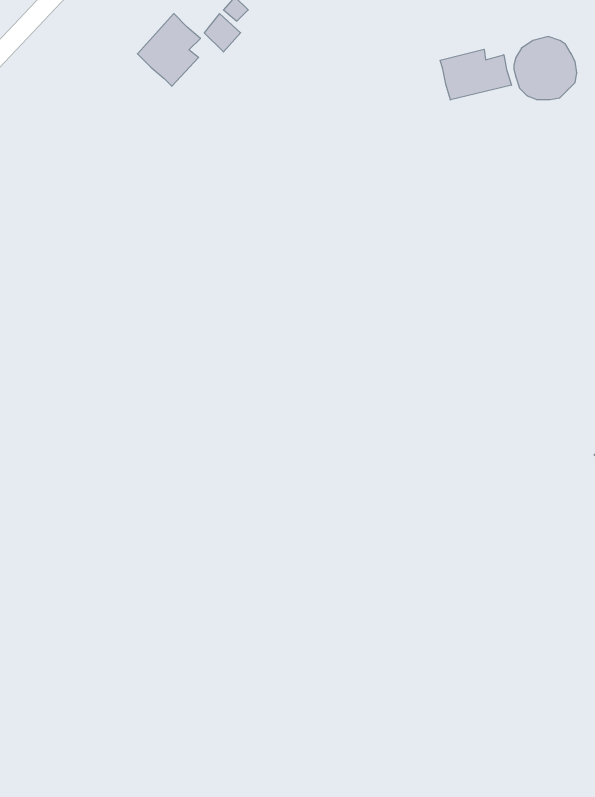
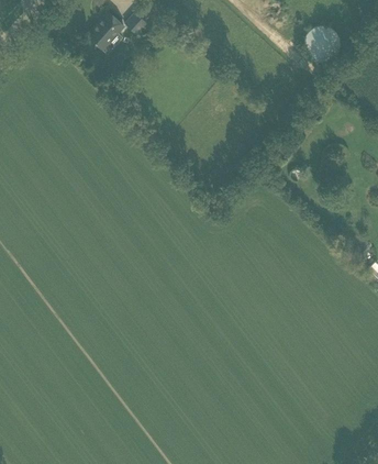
building: [440,49,511,100] -> none

